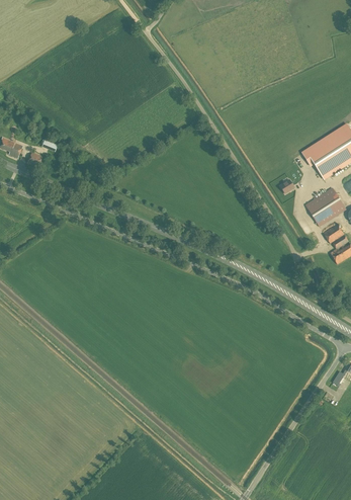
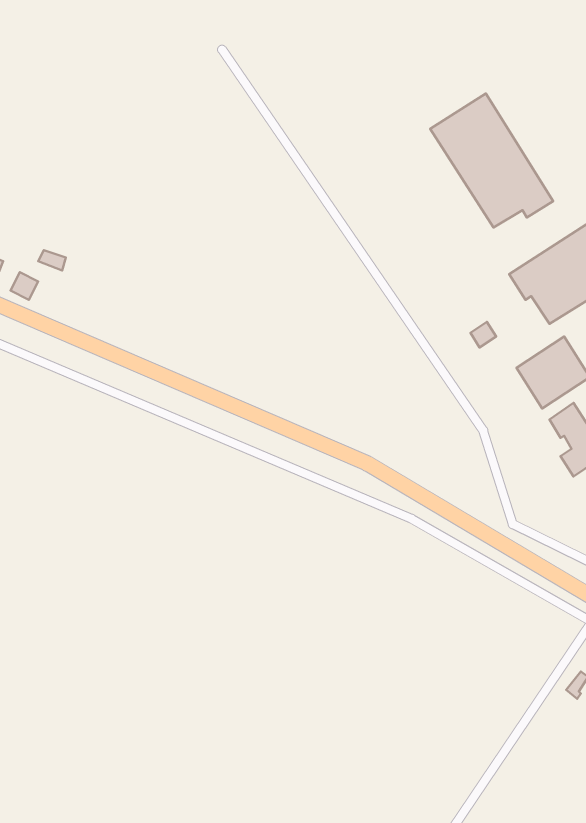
building: none -> [430,94,553,227]

